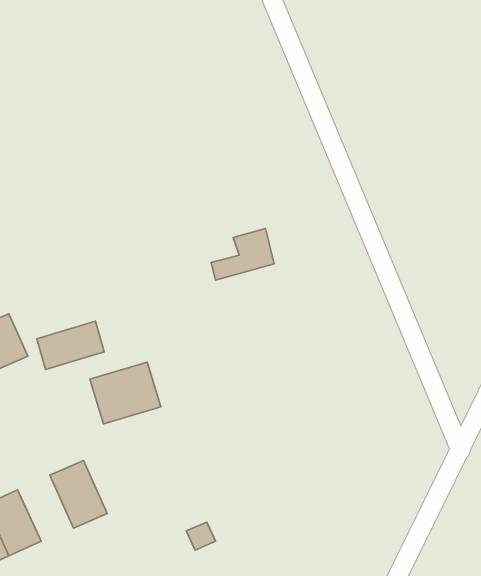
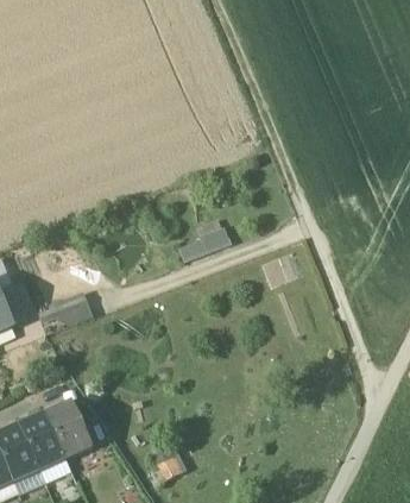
building: [90,362,161,424] -> none
building: none -> [20,414,65,467]

